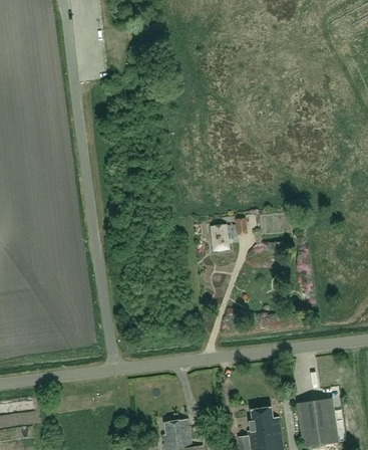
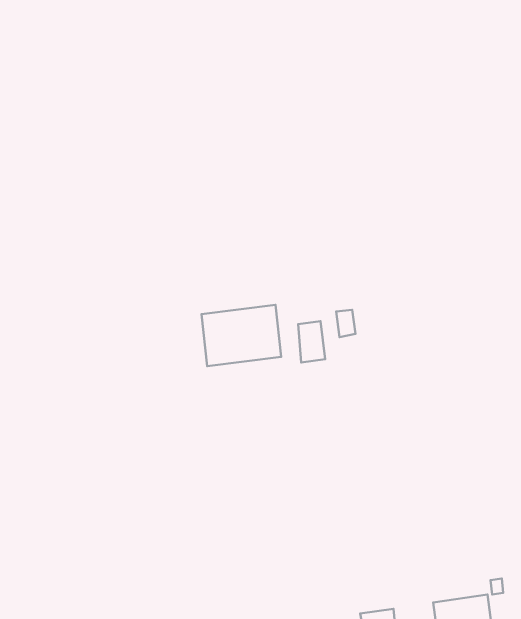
building: none -> [201,305,281,366]

